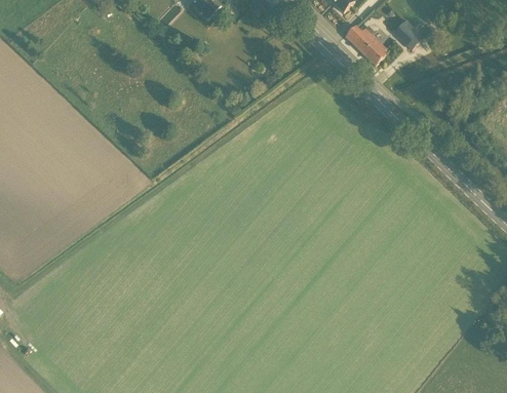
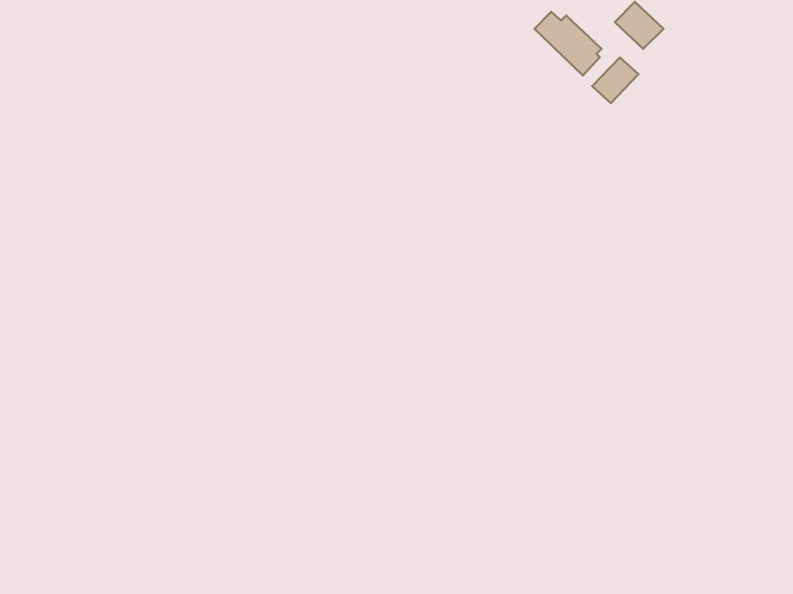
building: none -> [592,57,639,103]

